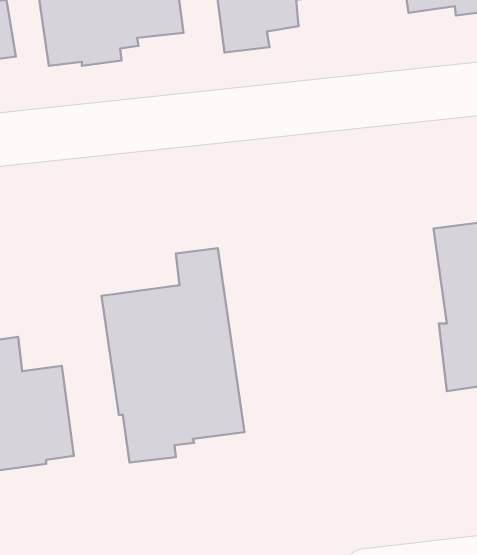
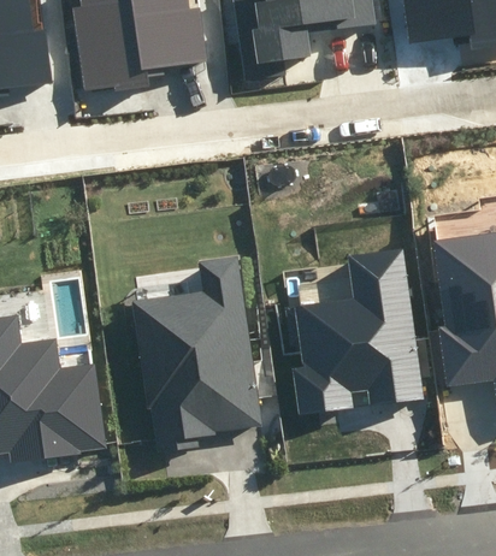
building: none -> [291,248,424,413]

